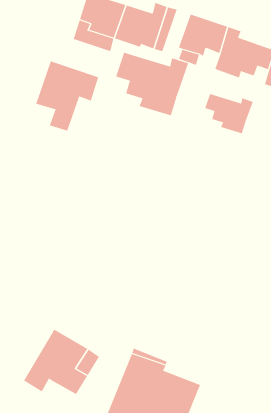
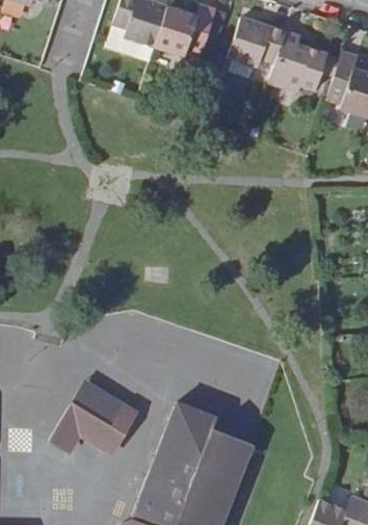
building: [115,52,189,116] -> none
building: [36,61,99,131] -> none
building: [205,93,254,134] -> none

